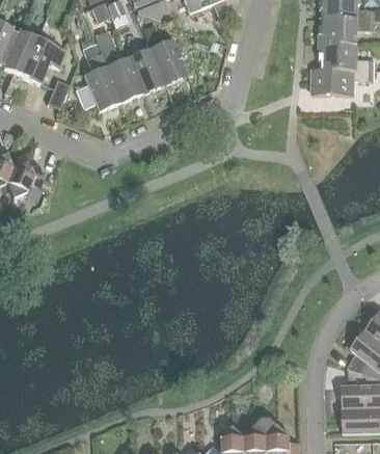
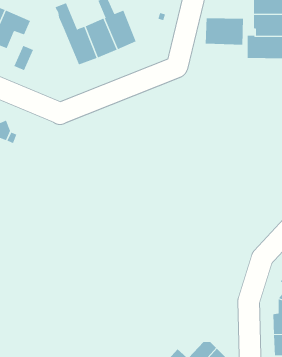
building: [76,42,120,111] -> none
building: none -> [205,18,243,45]

